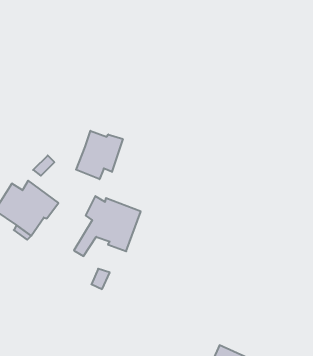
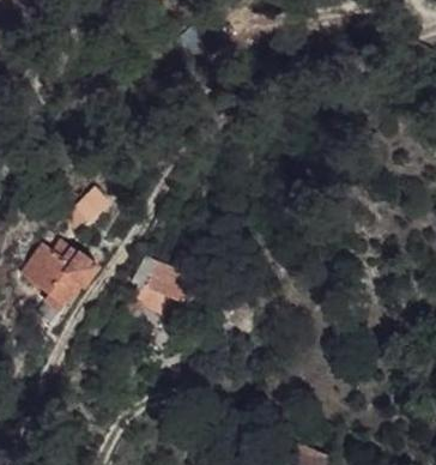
building: [76,131,123,179] -> none

